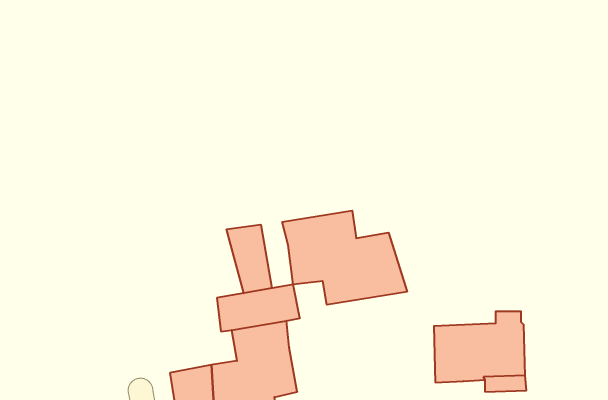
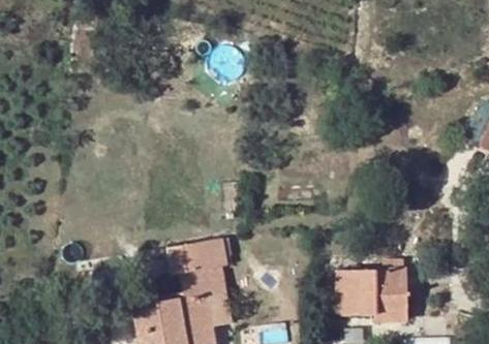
building: [282,211,407,305] -> none
building: [227,225,272,293] -> none

